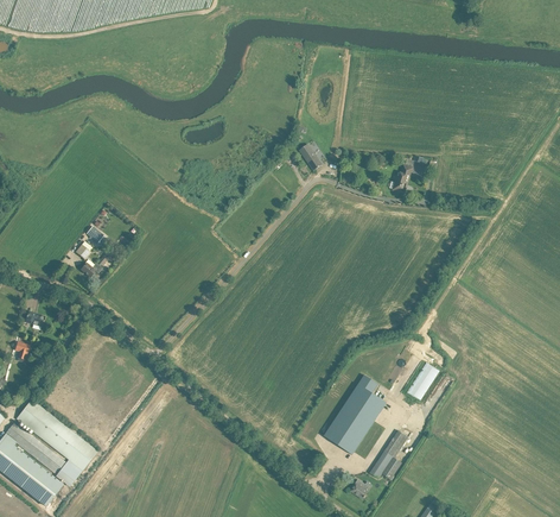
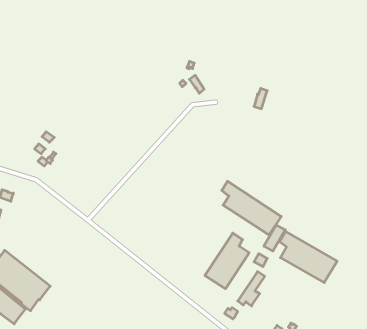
building: none -> [222,181,281,235]
building: none -> [279,231,337,283]

